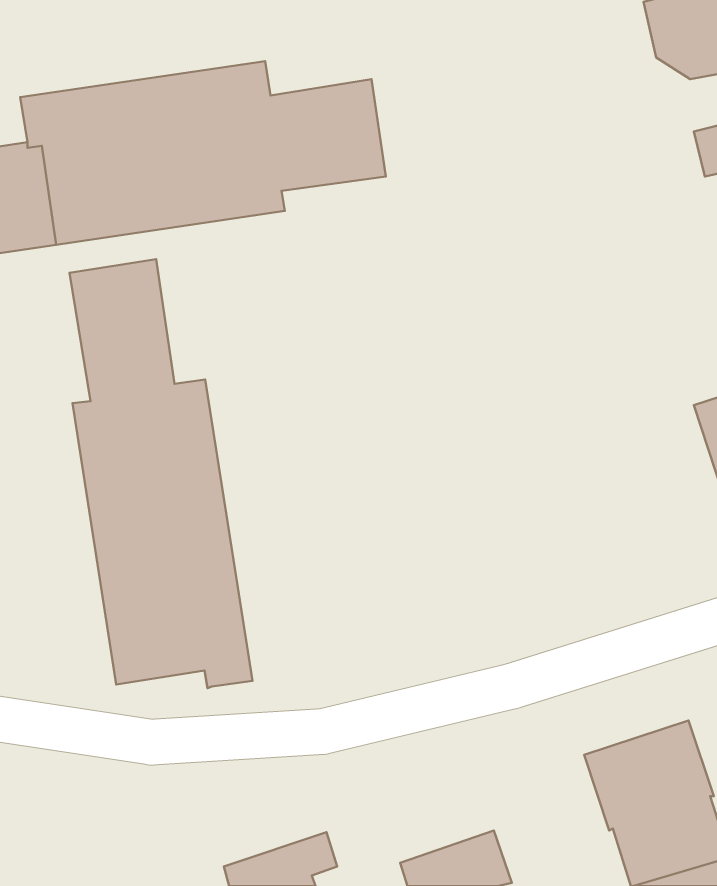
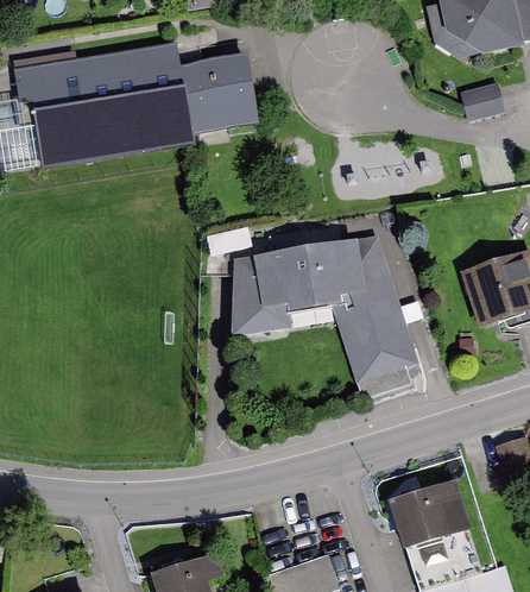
building: [69,259,252,688] -> none
building: none -> [231,234,418,398]

